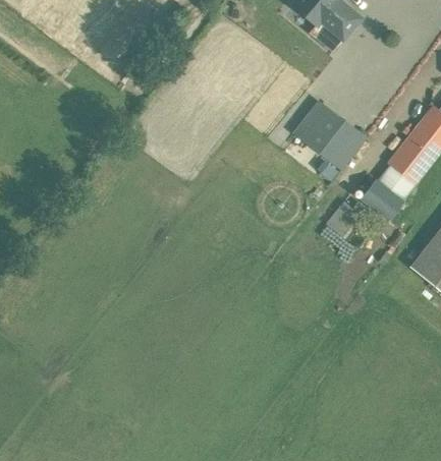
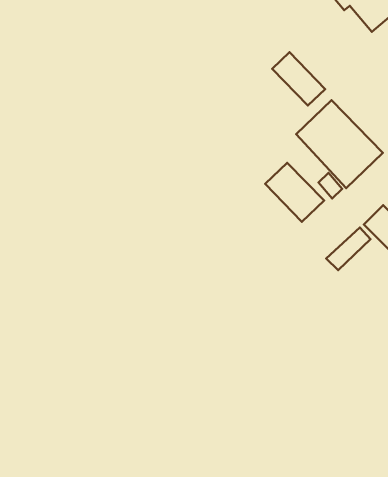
building: none -> [272,52,325,106]
building: none -> [265,163,324,222]

